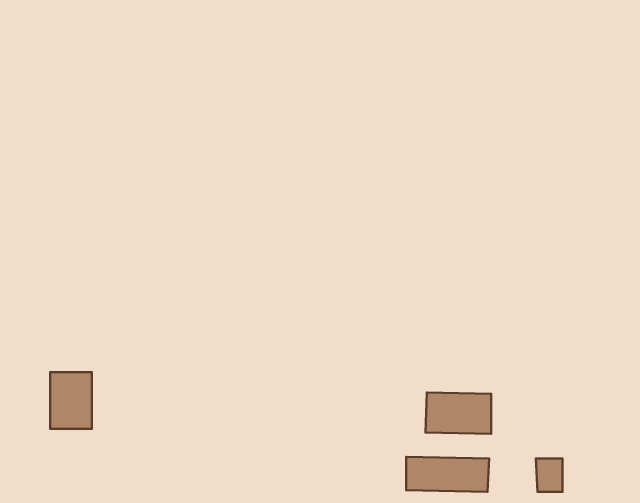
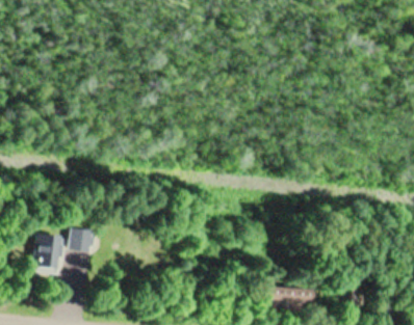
building: none -> [71,231,96,253]
building: [425,393,491,434] -> none

